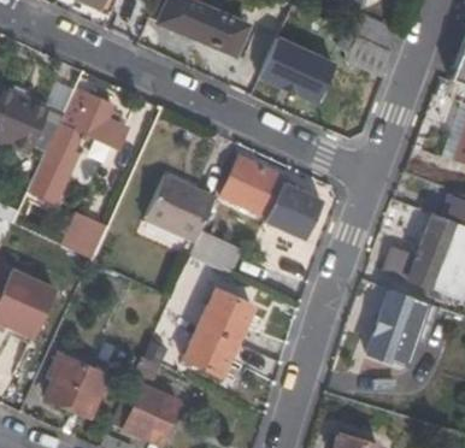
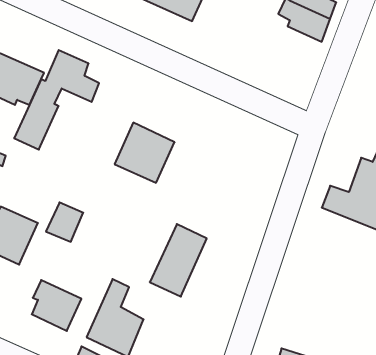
building: [264,39,340,104] -> none
building: [220,155,319,238] -> none
building: [63,213,106,259] -> [46,202,83,242]
building: [192,228,240,271] -> none
building: [367,290,428,366] -> none

